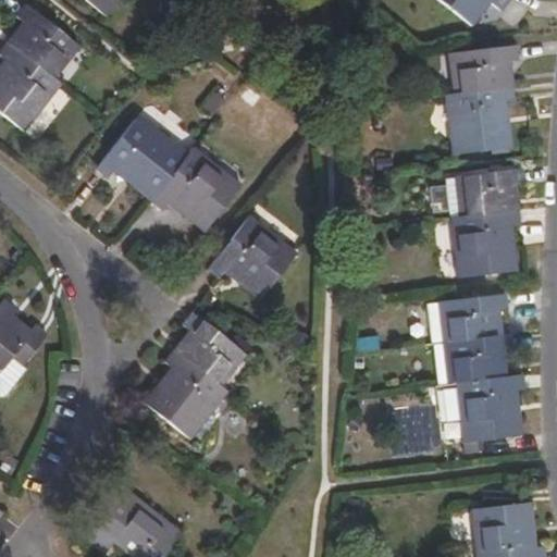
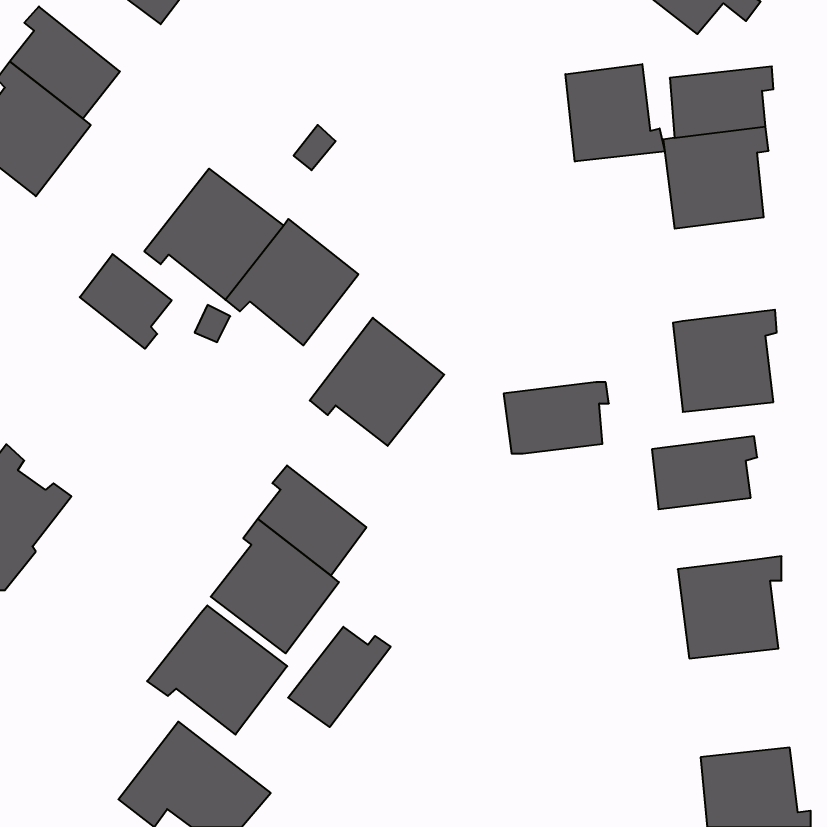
building: none -> [565,64,665,162]
building: [455,168,524,215] -> none
building: none -> [80,254,172,349]
building: [442,334,512,382] -> [504,382,609,454]
building: none -> [147,605,287,735]
building: none -> [288,627,391,727]

